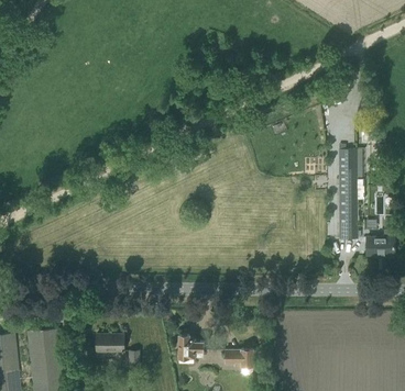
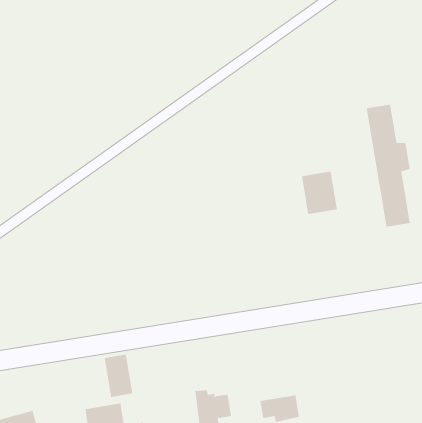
building: none -> [301,171,337,215]
building: none -> [104,354,133,398]

